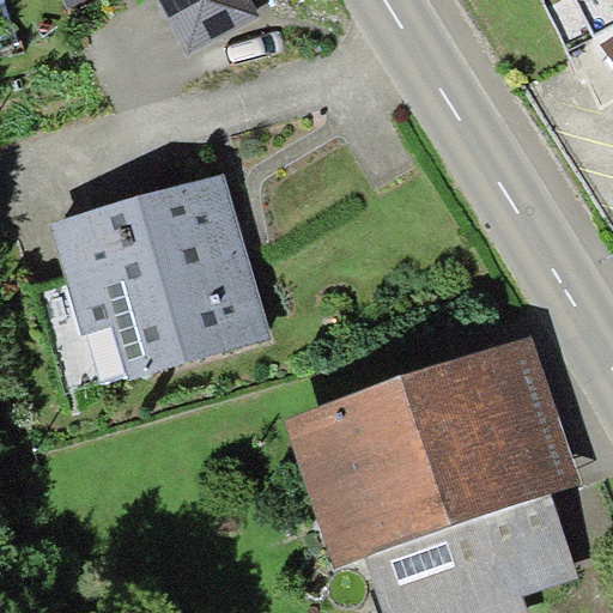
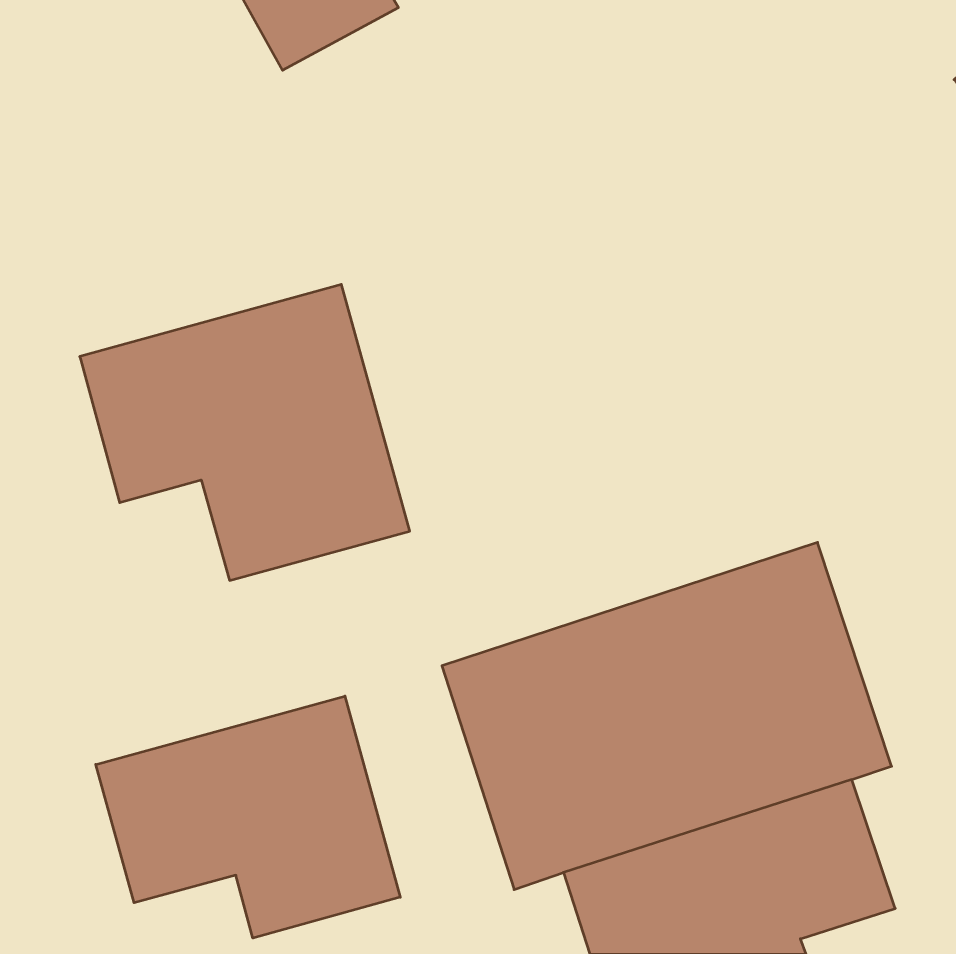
building: none -> [96,696,400,938]

